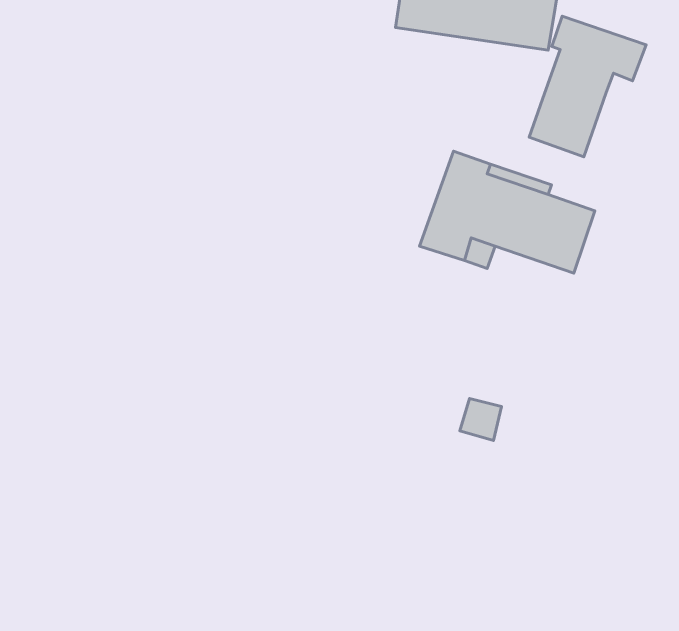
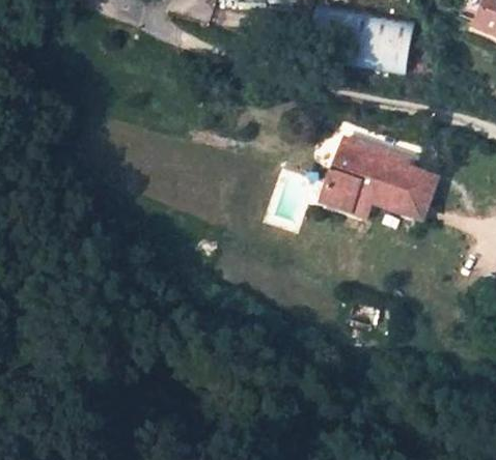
building: [529,16,646,157] -> none

